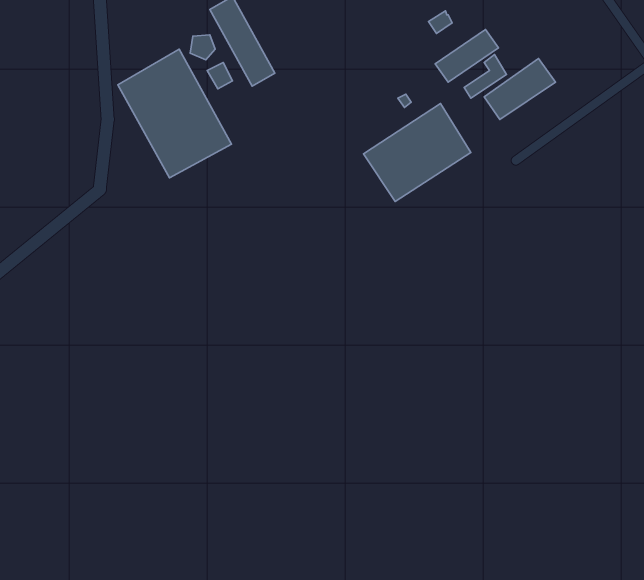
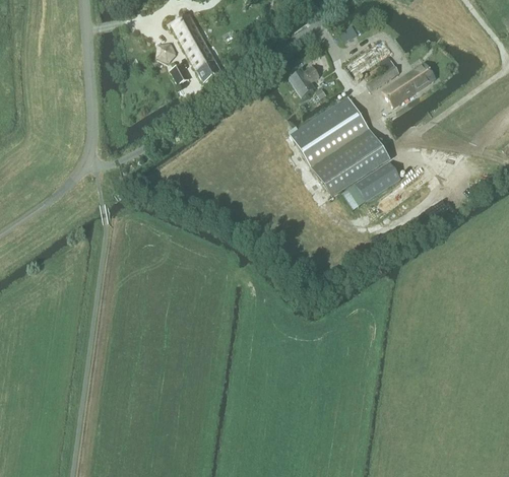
building: [118,49,232,178] -> none
building: none -> [290,67,320,97]
building: none -> [314,133,401,209]

